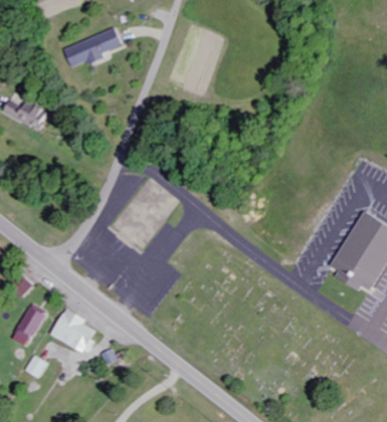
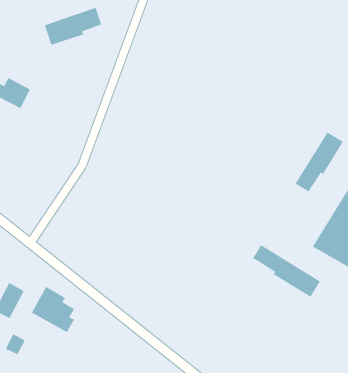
building: none -> [294,131,344,192]
building: none -> [252,244,321,298]

